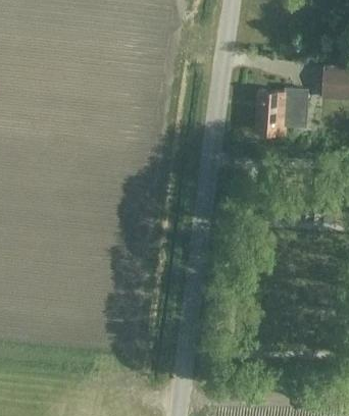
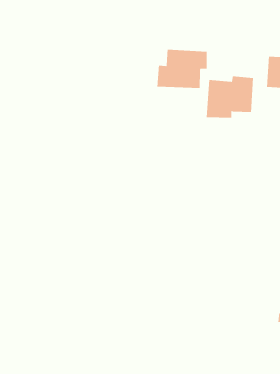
building: none -> [157,49,207,89]

